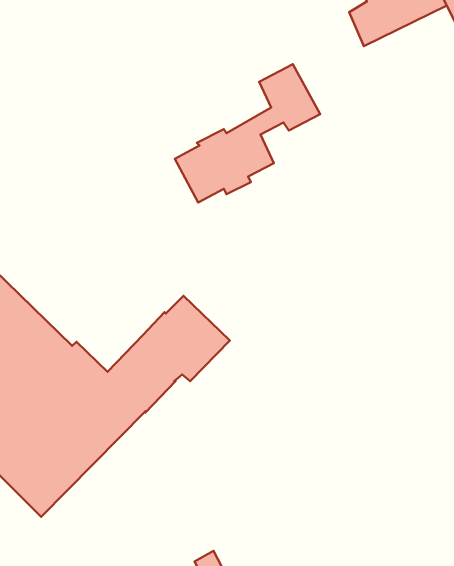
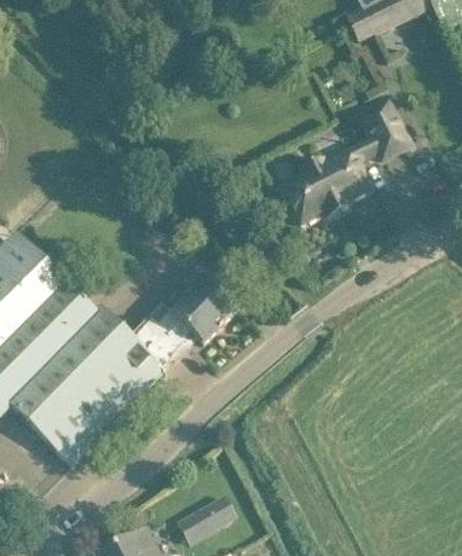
building: [175,64,320,202] -> [282,99,411,222]

